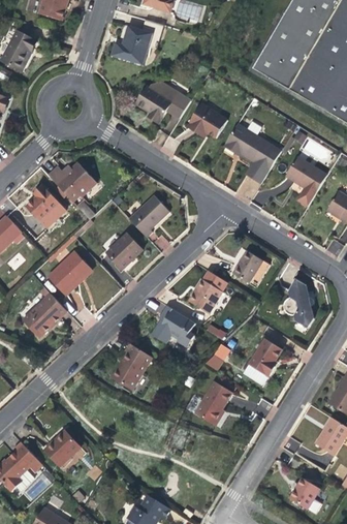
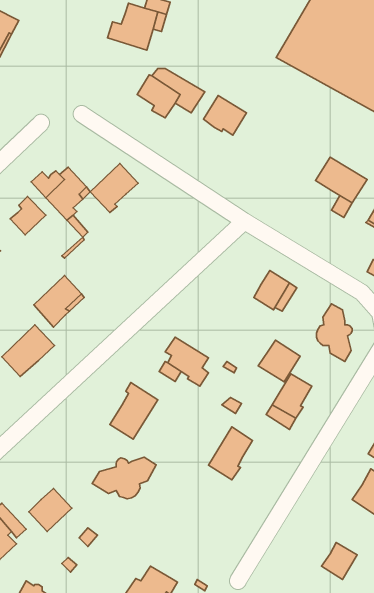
building: [223,122,281,182] -> none
building: [126,198,166,240] -> [90,163,138,213]
building: [107,235,143,270] -> none
building: [188,279,223,314] -> [258,340,300,382]
building: none -> [92,457,156,499]

